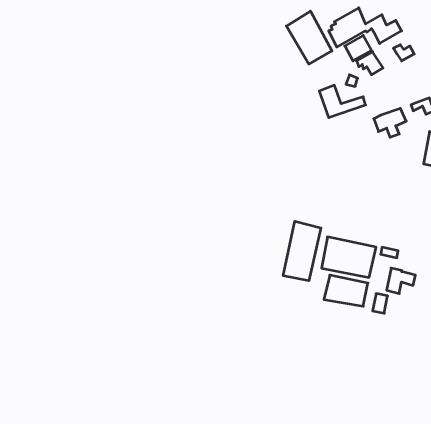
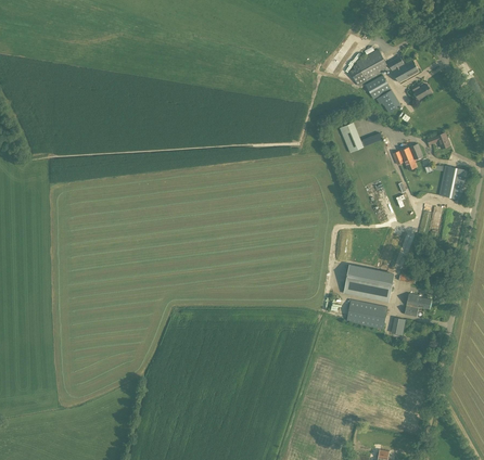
building: [286,11,332,64] -> none
building: [283,221,321,281] -> none

